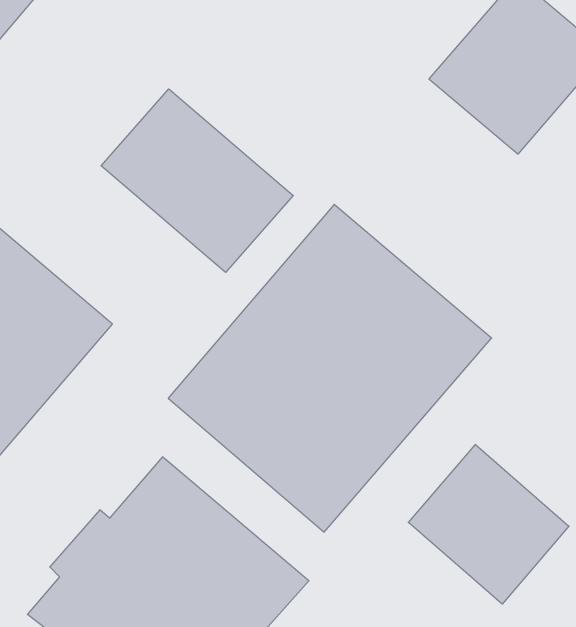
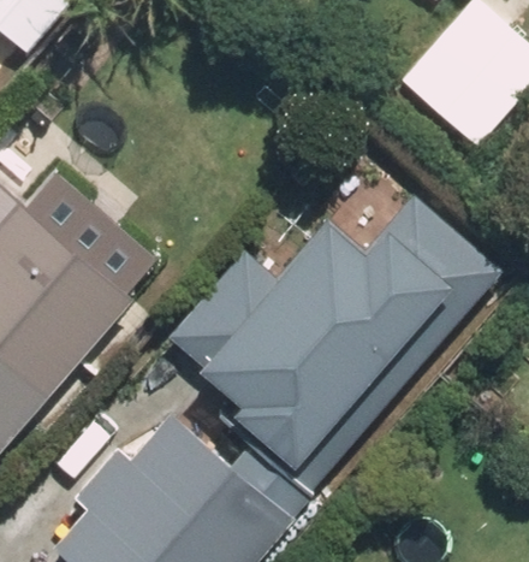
building: [101,89,293,272] -> none
building: [408,444,569,604] -> none

